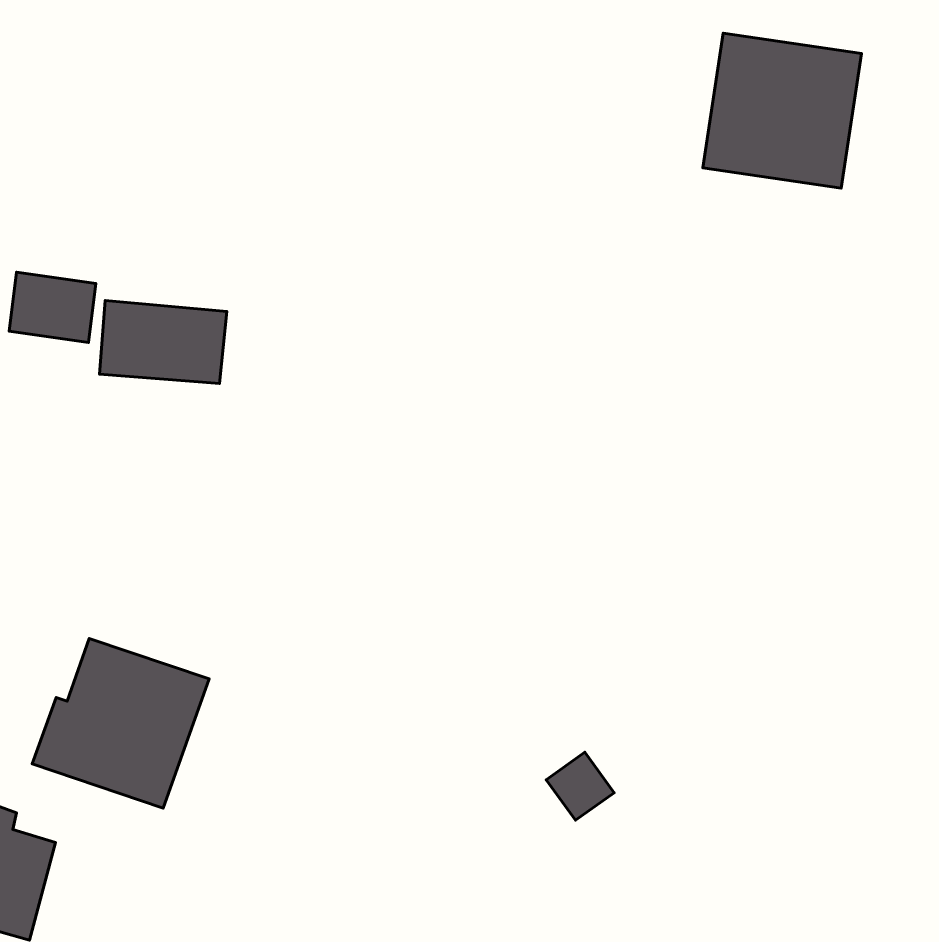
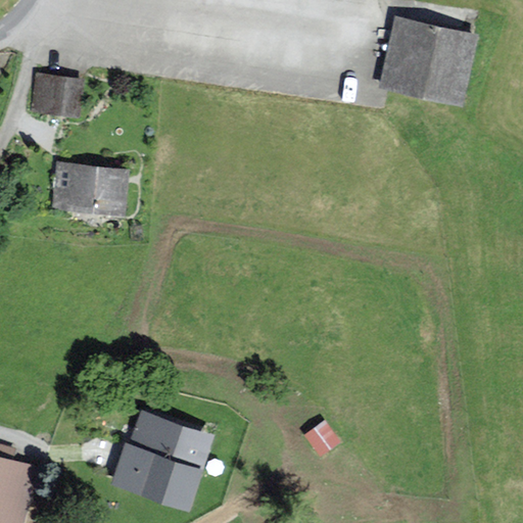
building: [9,272,96,342] -> [31,75,79,113]
building: [32,638,209,808] -> [112,414,210,508]

